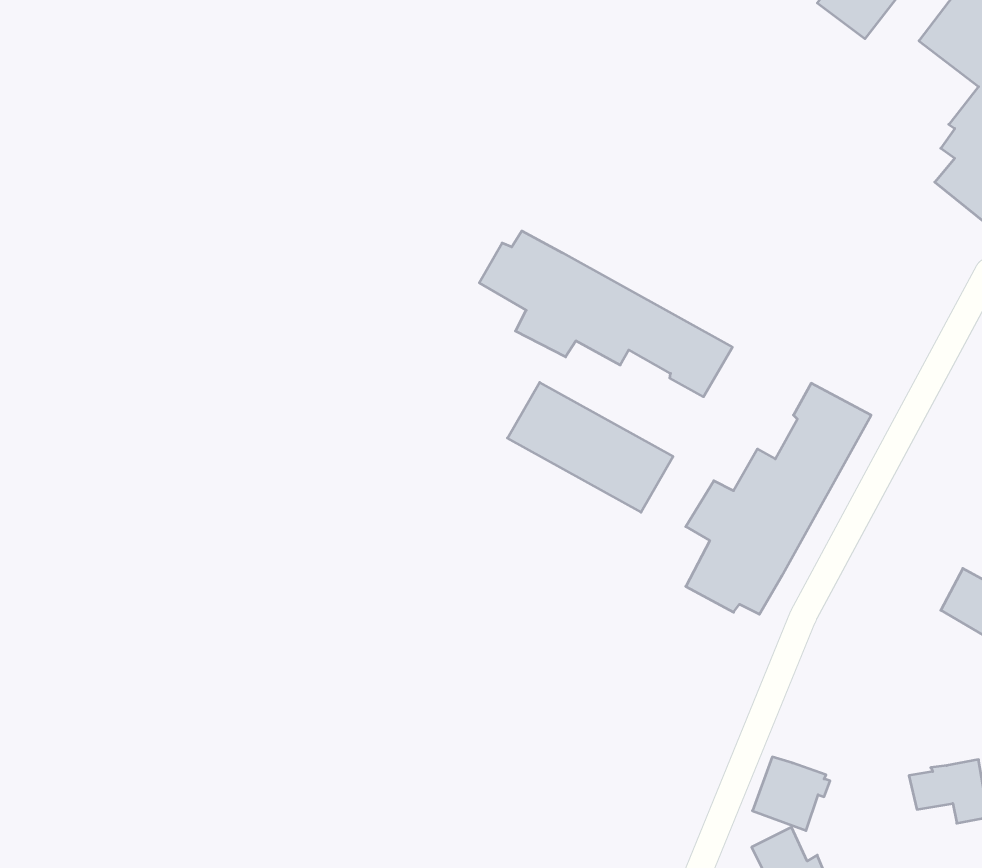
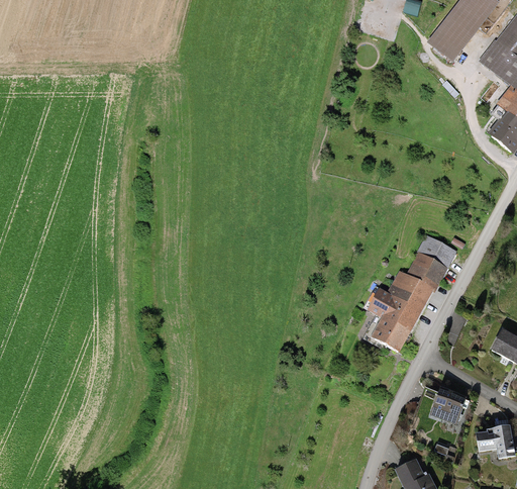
building: [479,231,732,397] -> none
building: [507,382,673,512] -> none
building: [752,757,830,831] -> [430,388,470,425]

